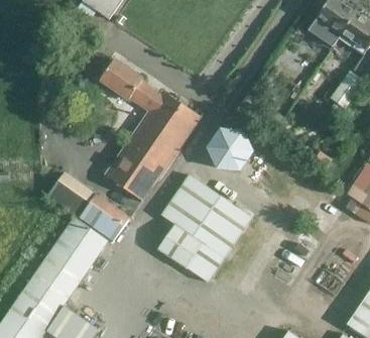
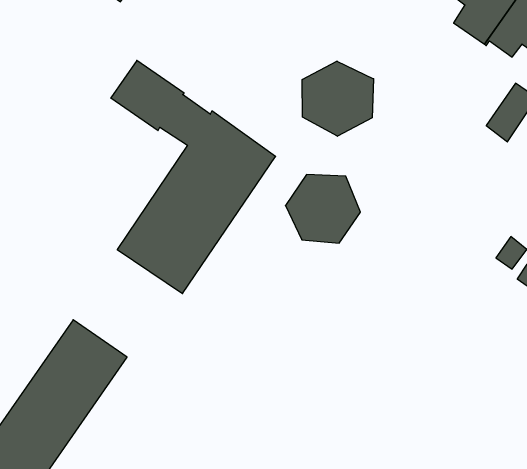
building: none -> [302,61,374,136]
building: [48,174,131,242] -> none
building: [157,175,251,283] -> none

